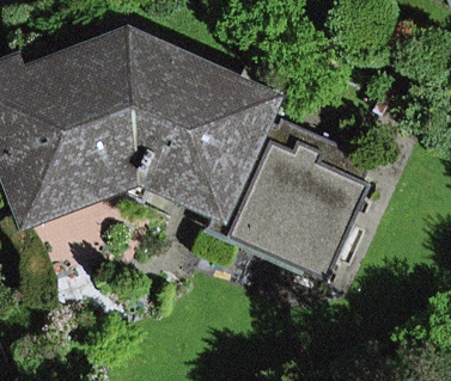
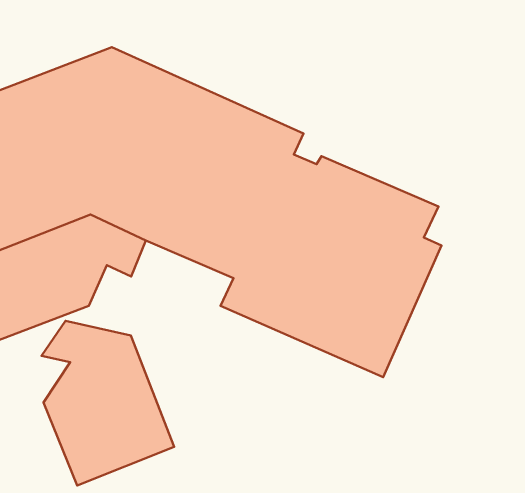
building: none -> [41,321,174,486]

